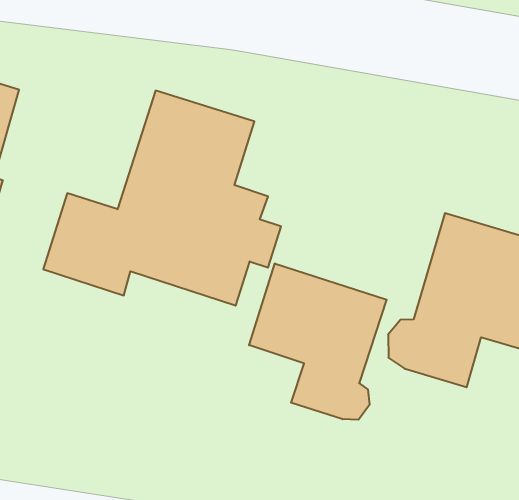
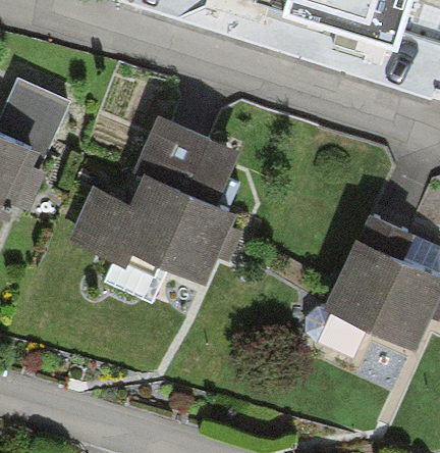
building: [249,263,387,420] -> none

